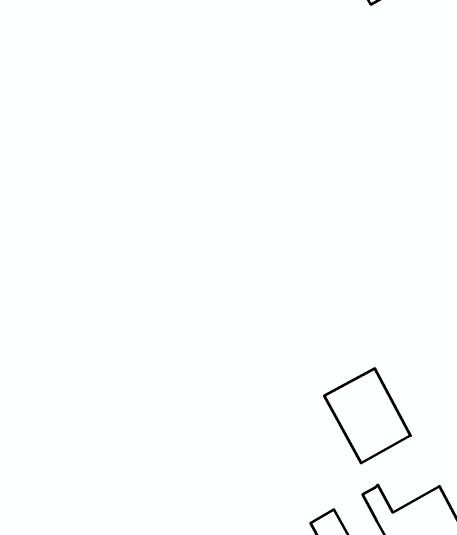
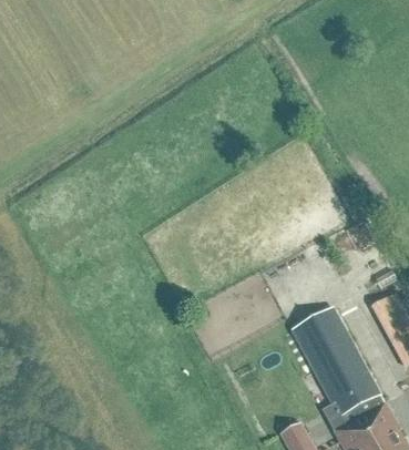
building: none -> [324,361,387,423]

